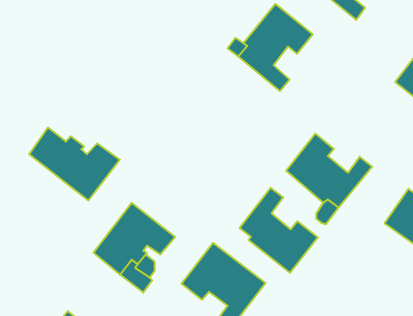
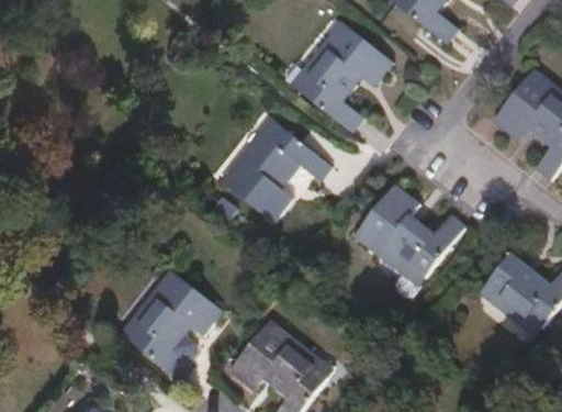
building: none -> [222,120,330,223]
building: [29,128,120,200] -> none
building: [240,188,318,273] -> none

